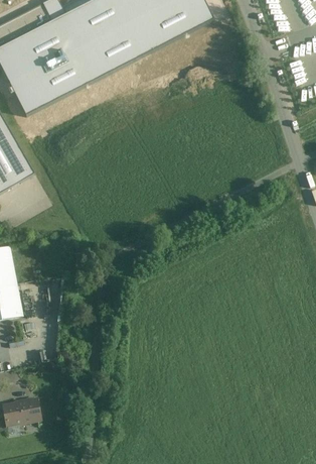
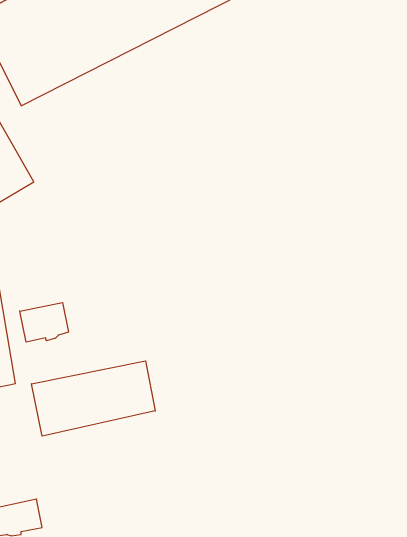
building: none -> [20,303,68,342]
building: none -> [32,361,155,436]

